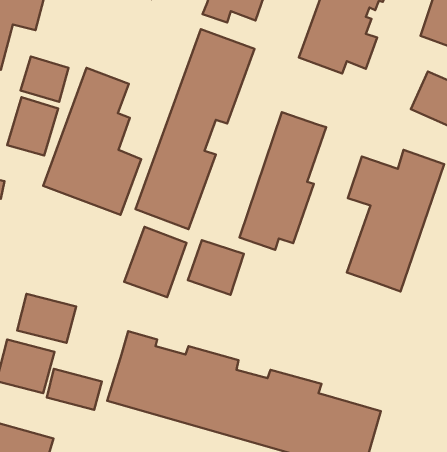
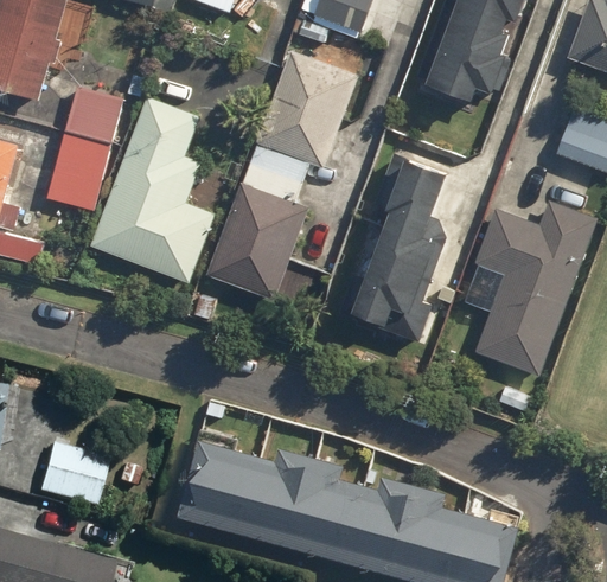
building: [124,227,187,297] -> none
building: [188,240,244,295] -> none
building: [17,294,76,343] -> none
building: [47,369,102,410] -> none

